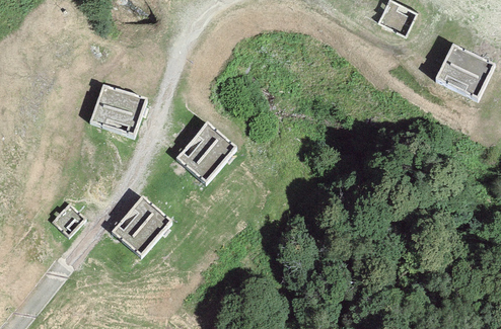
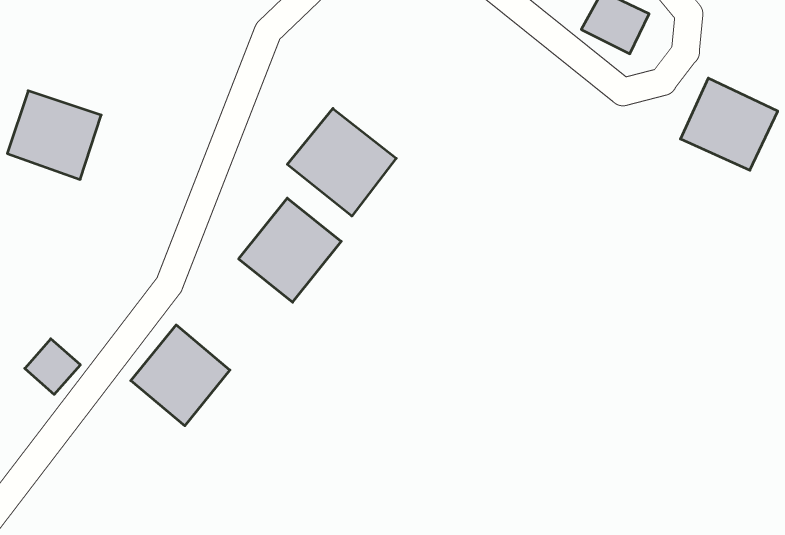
building: none -> [287,108,396,216]
building: [88,82,143,134] -> [7,91,101,179]

